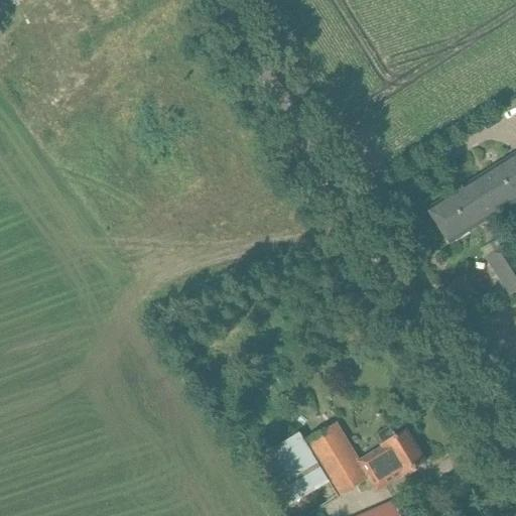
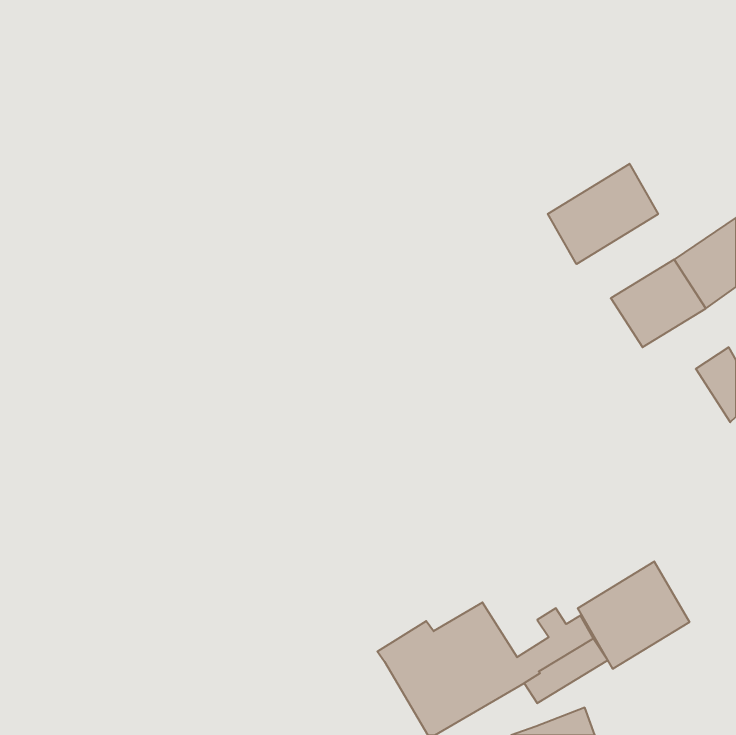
building: none -> [548,164,658,264]
building: none -> [578,561,689,669]

